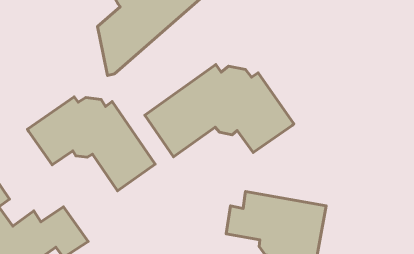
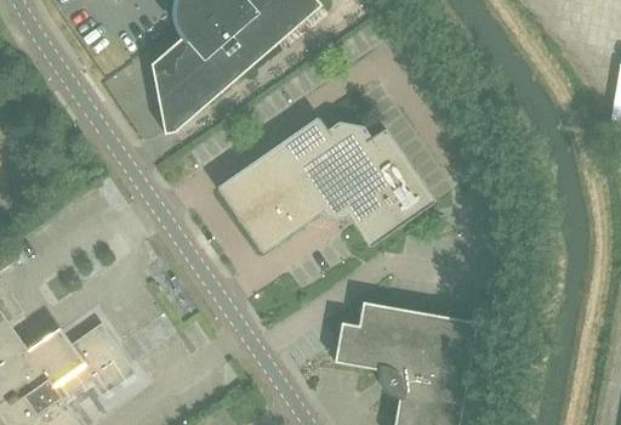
building: [28,97,155,191] -> none

